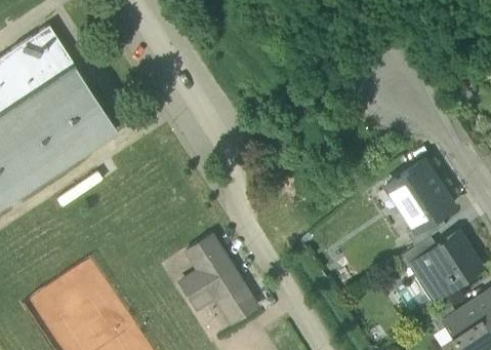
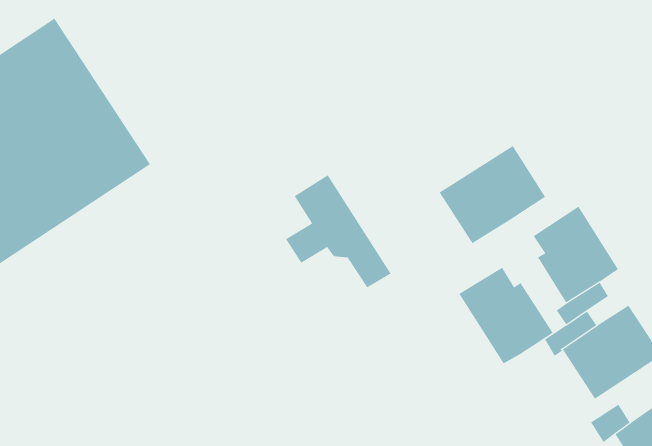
building: none -> [439,145,546,244]
building: none -> [458,267,554,364]
building: [180,237,256,318] -> [285,175,391,288]

